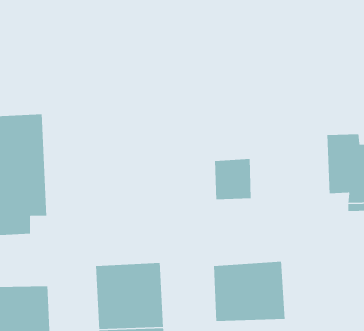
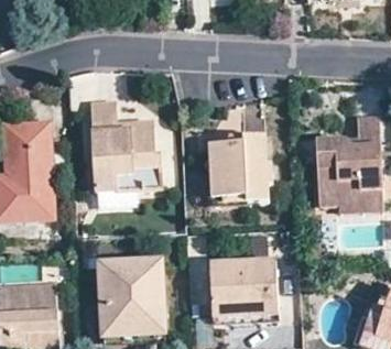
building: none -> [90,98,162,209]
building: none -> [210,132,273,200]

